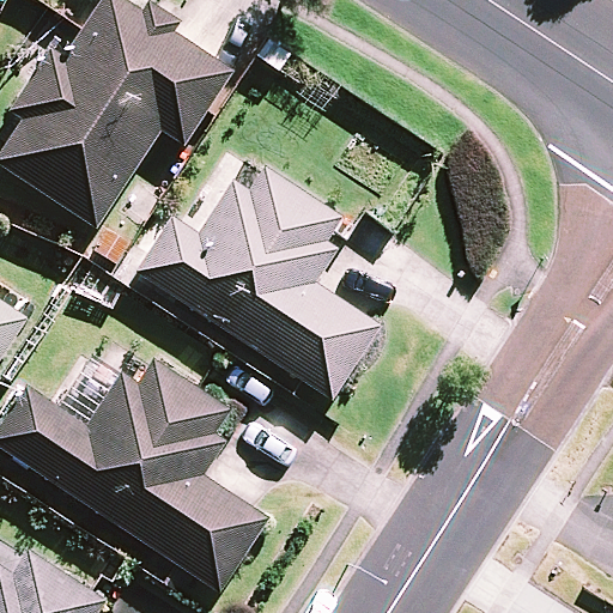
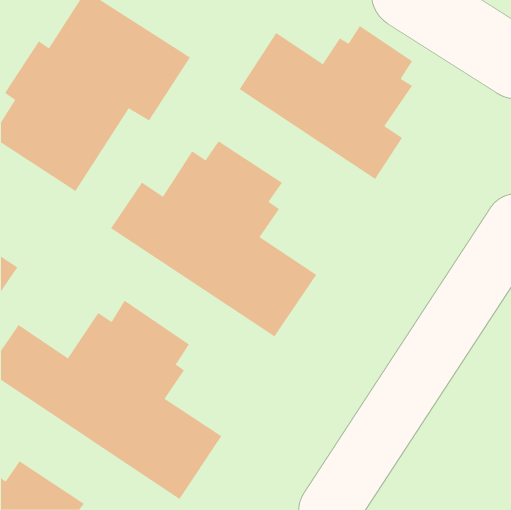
building: none -> [239,25,413,180]

